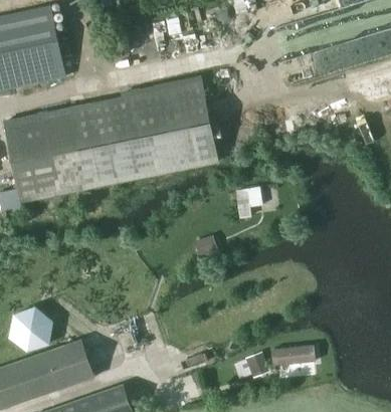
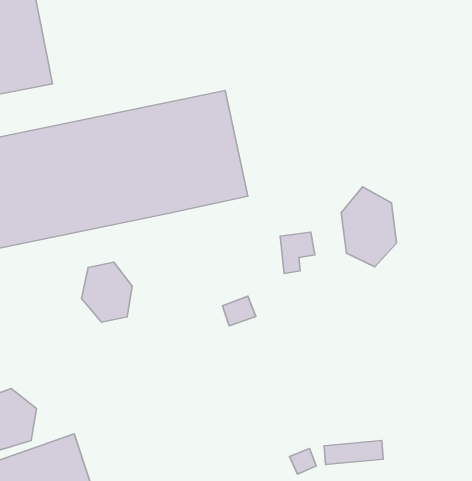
building: none -> [341,187,397,267]
building: none -> [81,262,132,322]

